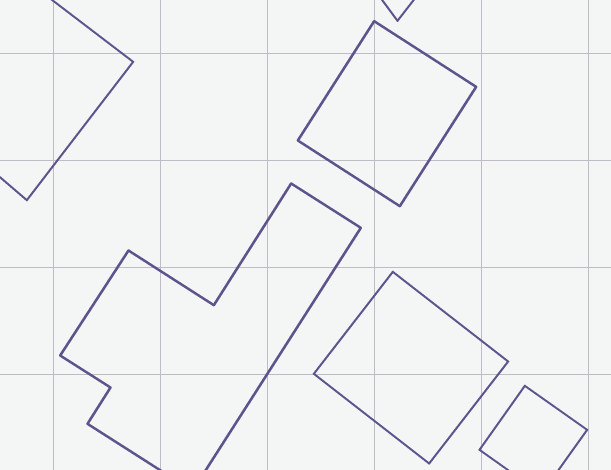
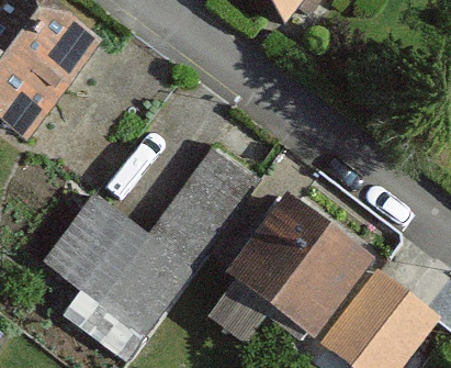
building: [298,21,476,206] -> none

